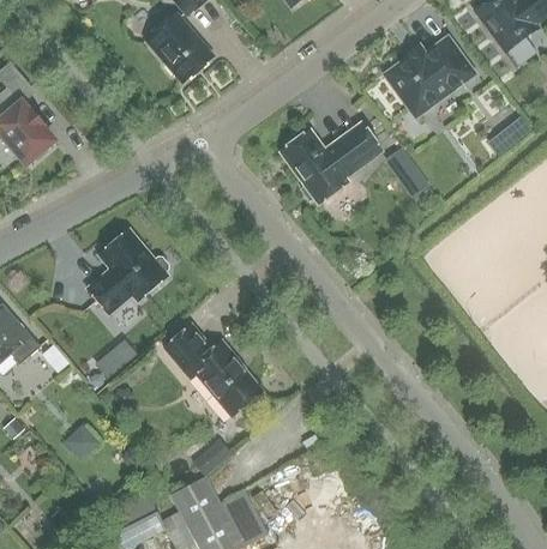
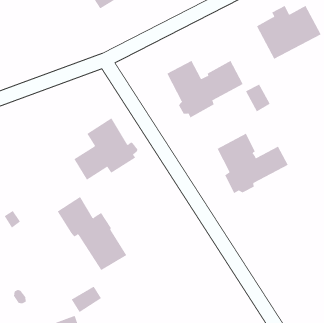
building: none -> [217,133,288,194]
building: [86,229,168,314] -> [74,118,138,180]

